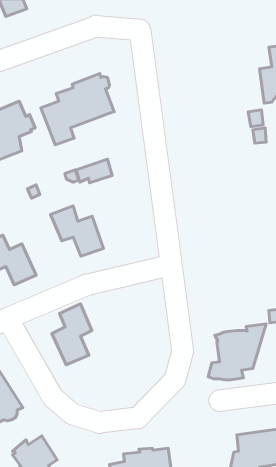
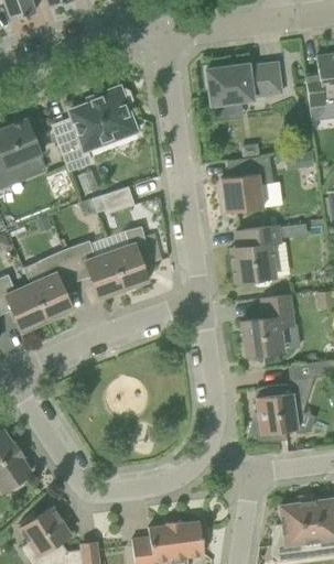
building: none -> [207,63,283,105]
building: none -> [222,155,273,213]
building: none -> [231,225,280,285]
building: none -> [112,226,154,290]
building: none -> [241,294,294,356]
building: [52,304,92,365] -> [31,250,77,321]

